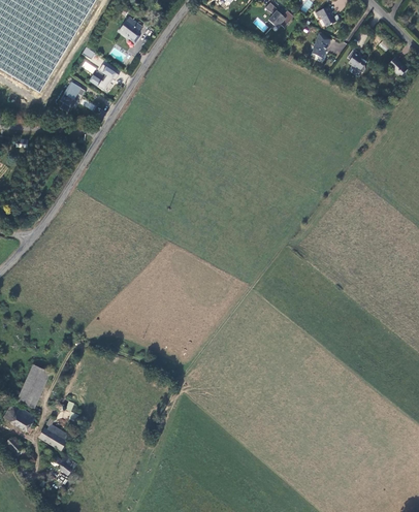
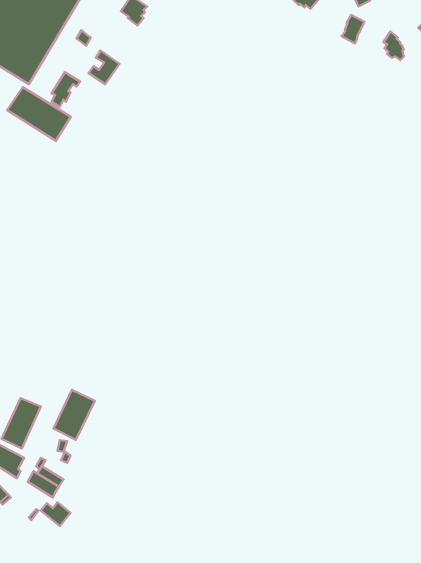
building: none -> [7,87,71,141]
building: none -> [54,390,95,440]

